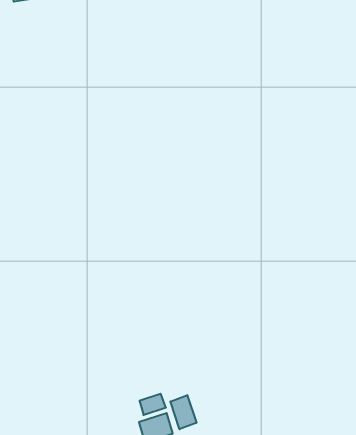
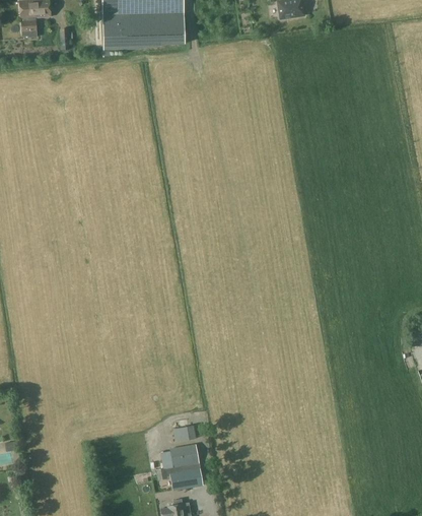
building: [170,395,196,429] -> none

